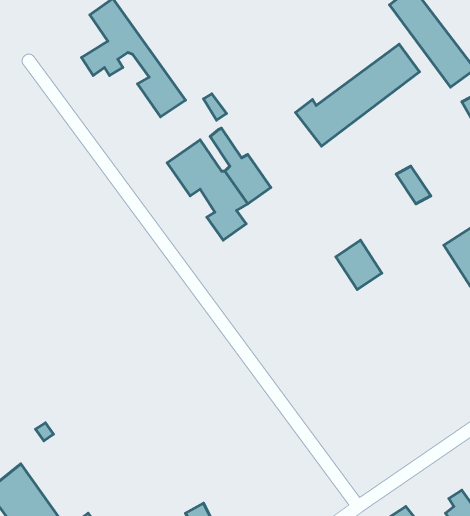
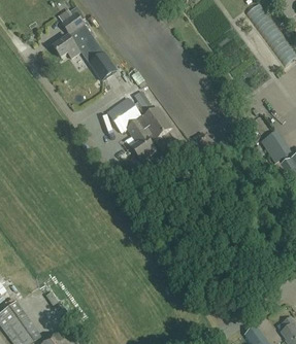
building: [296,44,420,146] -> none
building: [336,240,382,290] -> [261,130,290,161]

